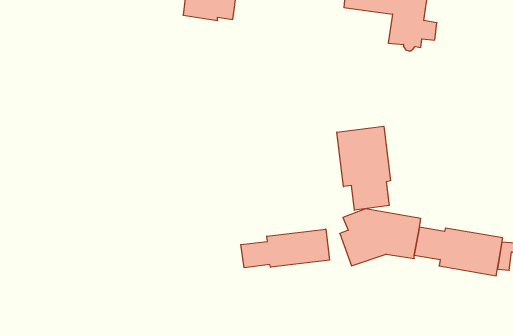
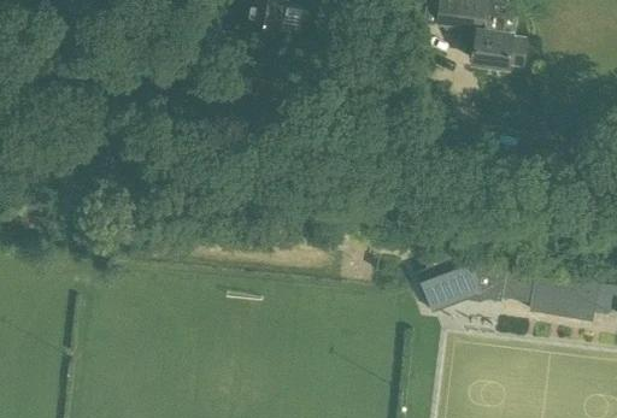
building: [337,126,390,210] -> none
building: [241,229,330,268] -> none

